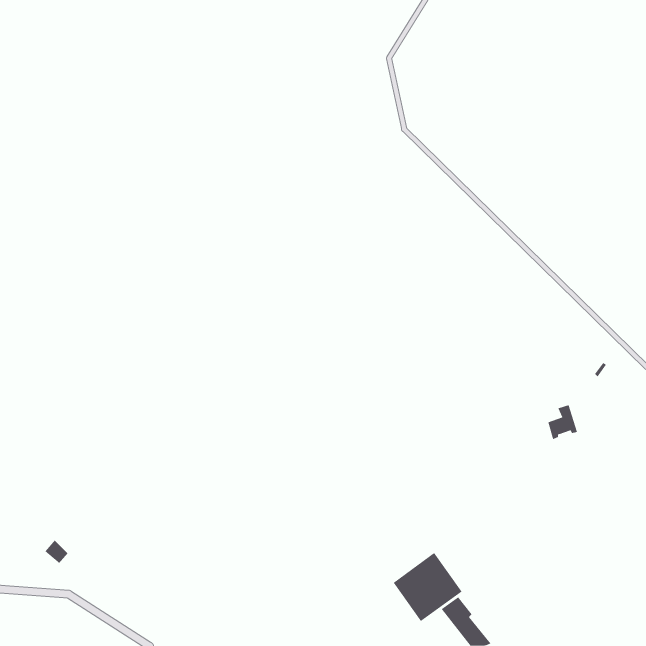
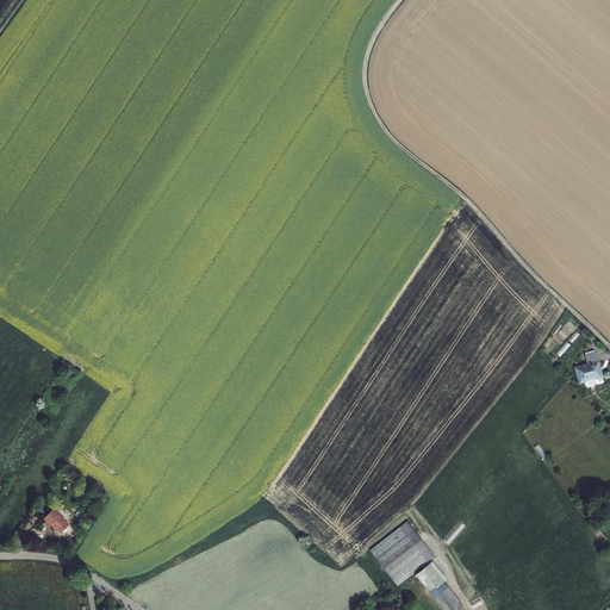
building: [547,404,578,440] -> [573,351,602,385]

